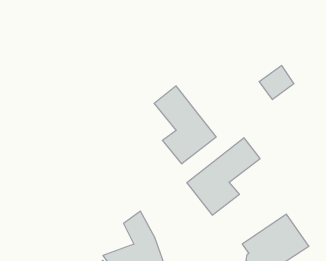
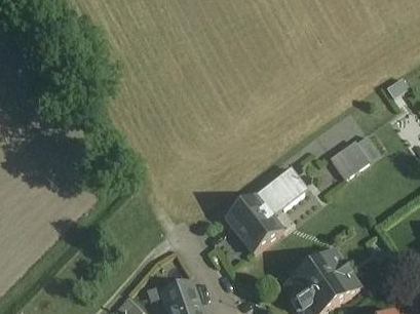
building: [259,66,294,100] -> [331,140,369,176]
building: [154,86,216,164] -> none

